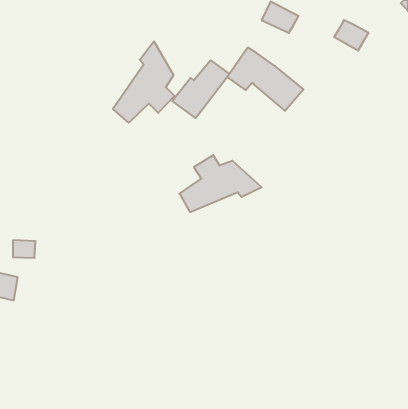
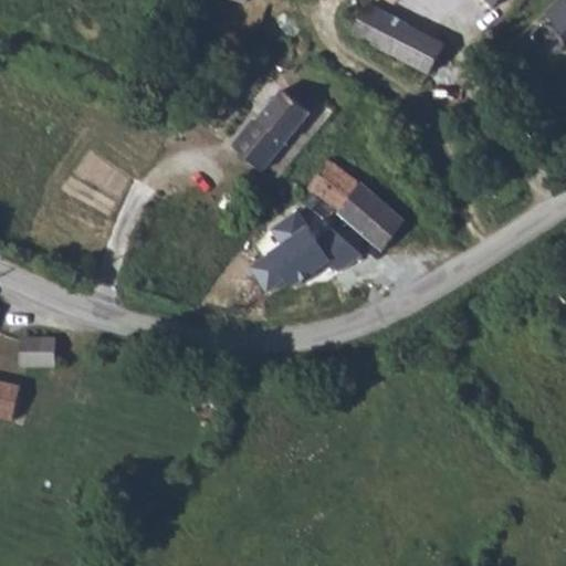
building: [334,20,369,51] -> [397,24,444,66]
building: [113,41,175,123] -> none
building: [227,48,303,111] -> [297,165,402,252]

